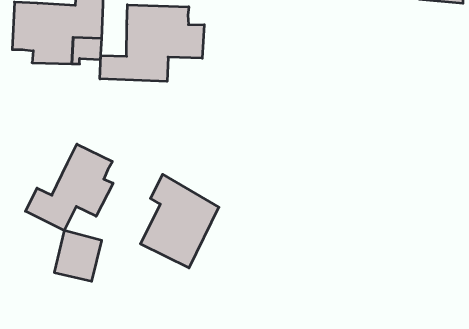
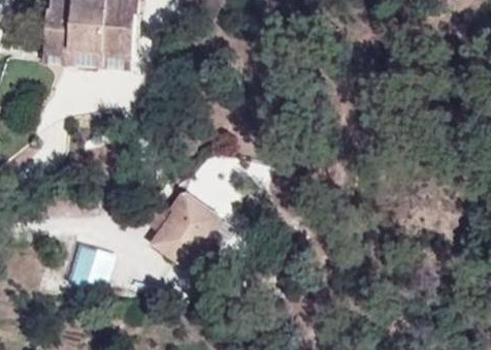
building: [100,5,204,81] -> none
building: [25,144,113,230] -> none

